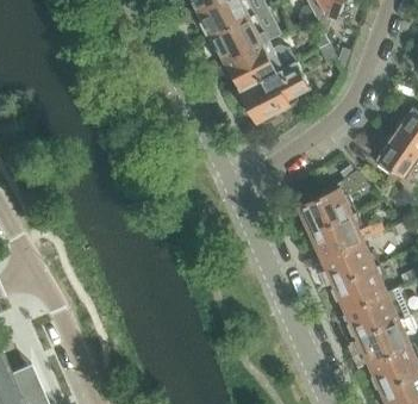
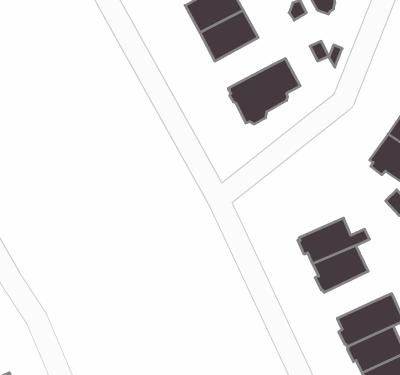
building: [227,41,295,89] -> none
building: [299,172,369,234] -> none
building: [331,266,387,311] -> none

